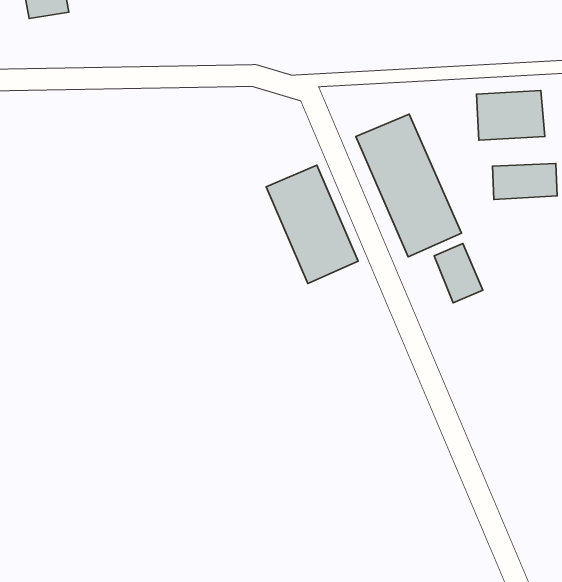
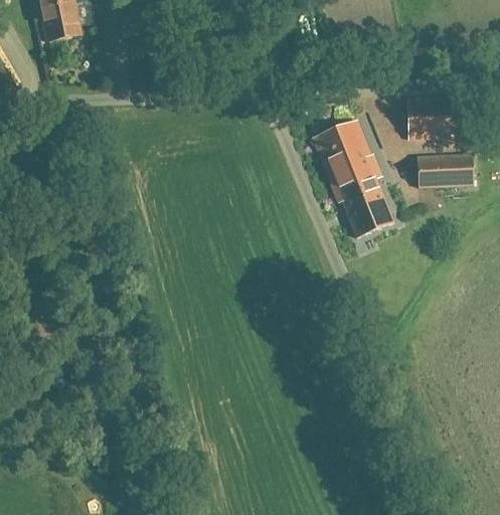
building: [266,165,358,283] -> none
building: [434,244,483,303] -> none

